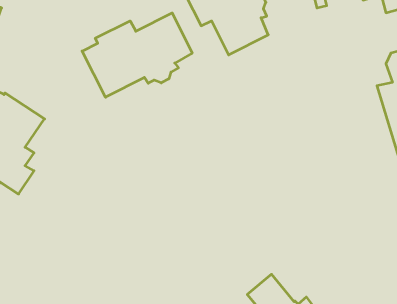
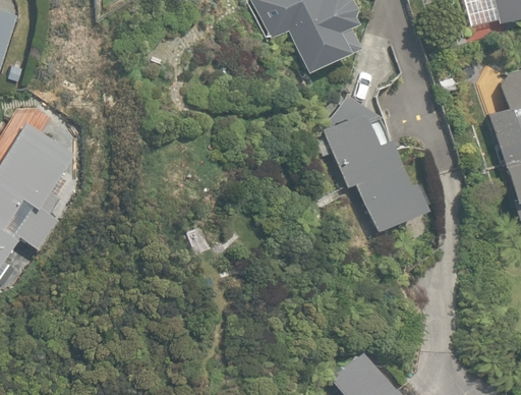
building: [82,13,192,97] -> none
building: none -> [321,96,428,232]

